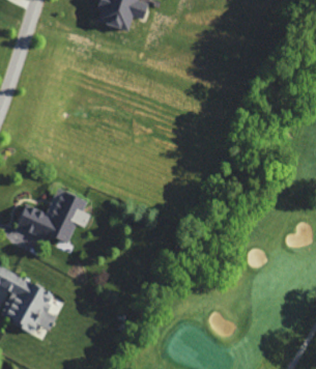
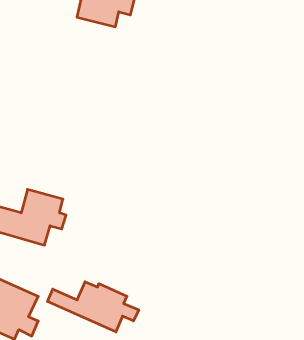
building: none -> [48,282,139,332]

